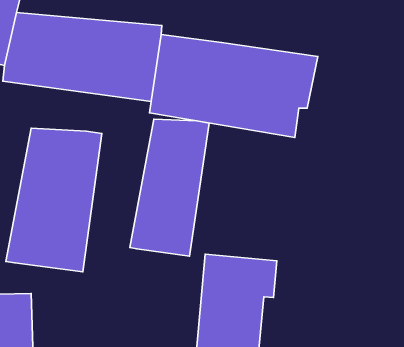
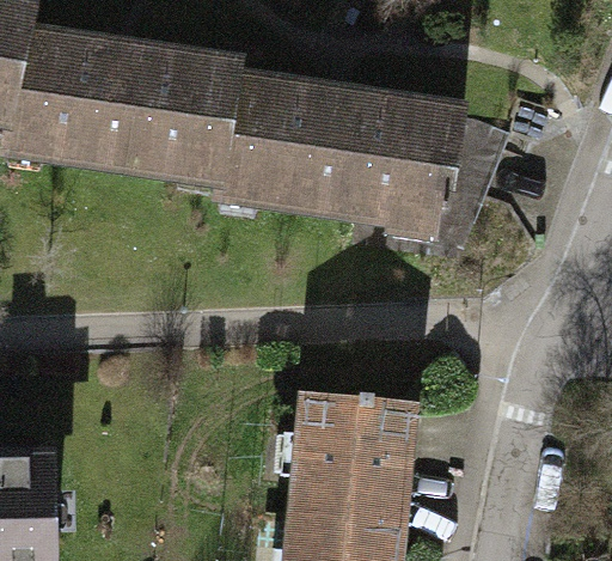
building: [130,119,209,256] -> none
building: [6,128,102,272] -> none

